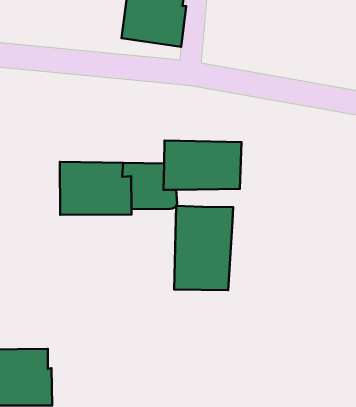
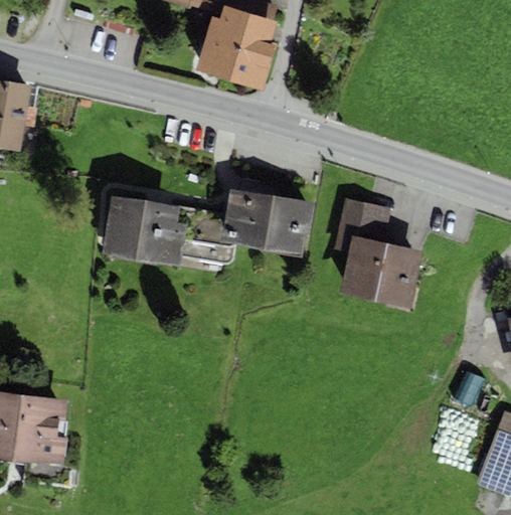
building: none -> [333,198,420,307]
building: [174,206,233,290] -> none

